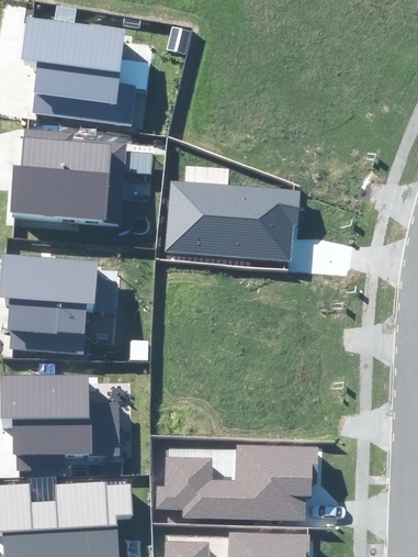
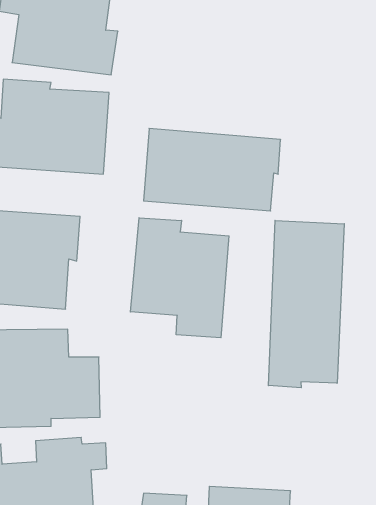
building: none -> [130,218,229,338]
building: none -> [268,220,344,388]
building: [155,443,316,517] -> none

